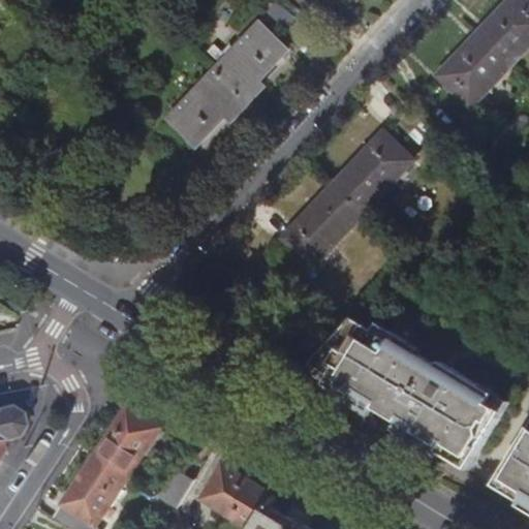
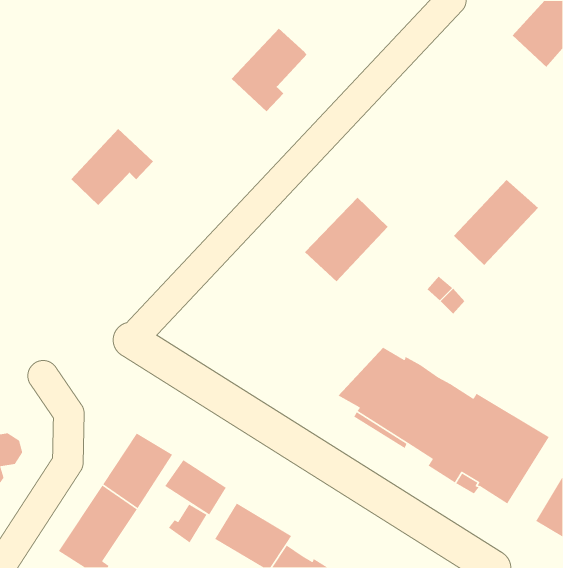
building: [438,33,508,103] -> none
building: [170,73,248,146] -> [71,128,154,206]
building: [333,130,412,211] -> [453,179,539,266]
building: none -> [164,459,227,516]

